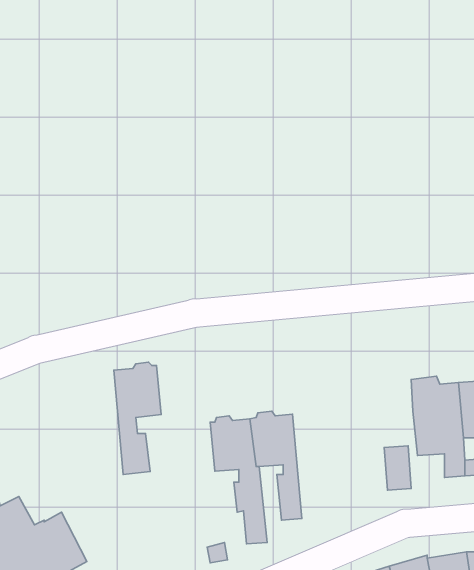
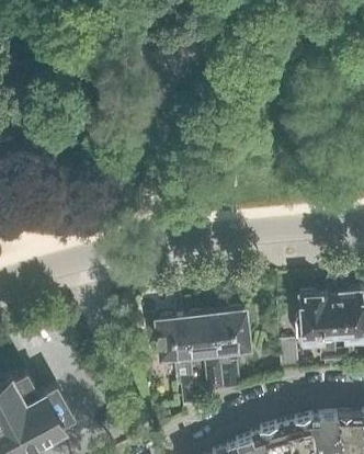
building: [114,362,161,475] -> [216,311,249,389]

